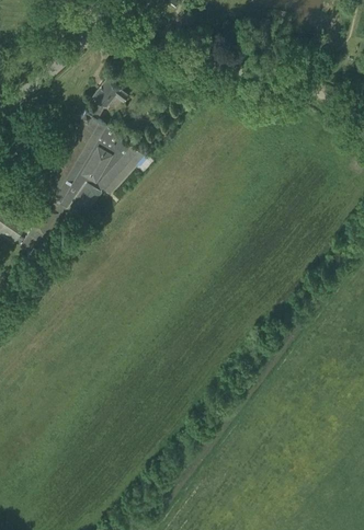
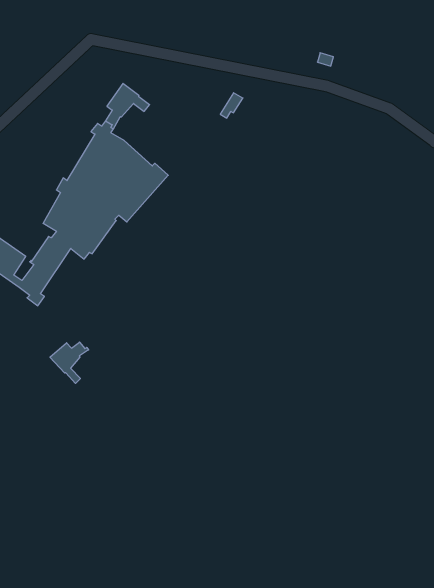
building: none -> [50,342,89,383]

